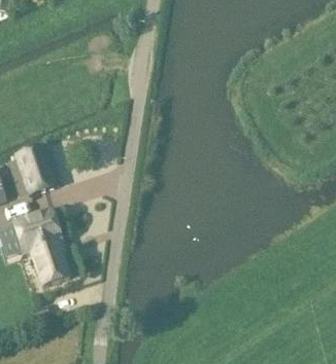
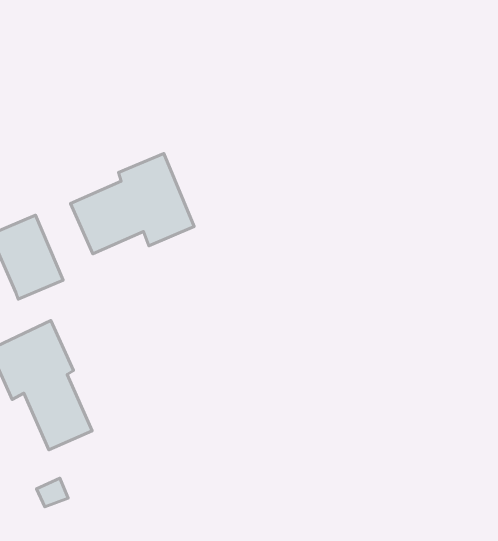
building: none -> [71,153,194,254]

